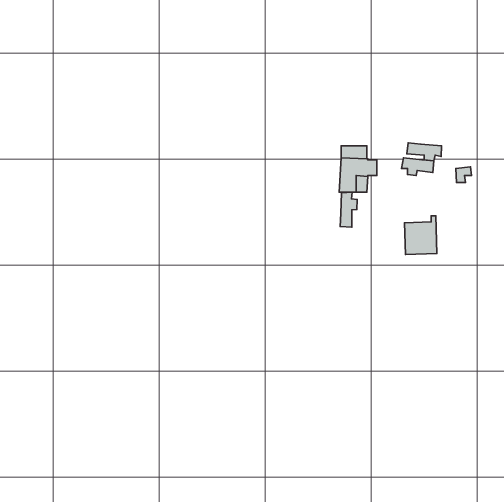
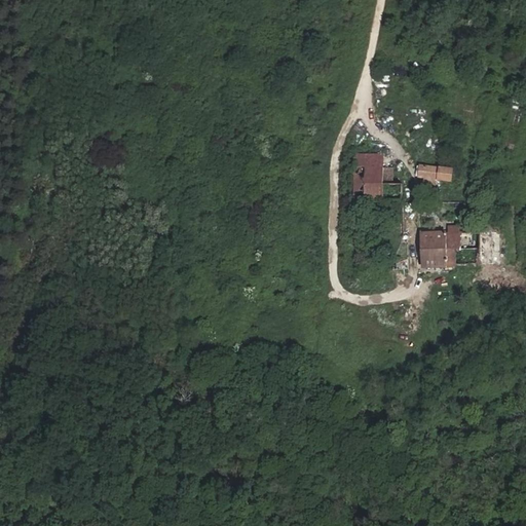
building: [407,143,441,161] -> none
building: [340,192,357,227] -> none

